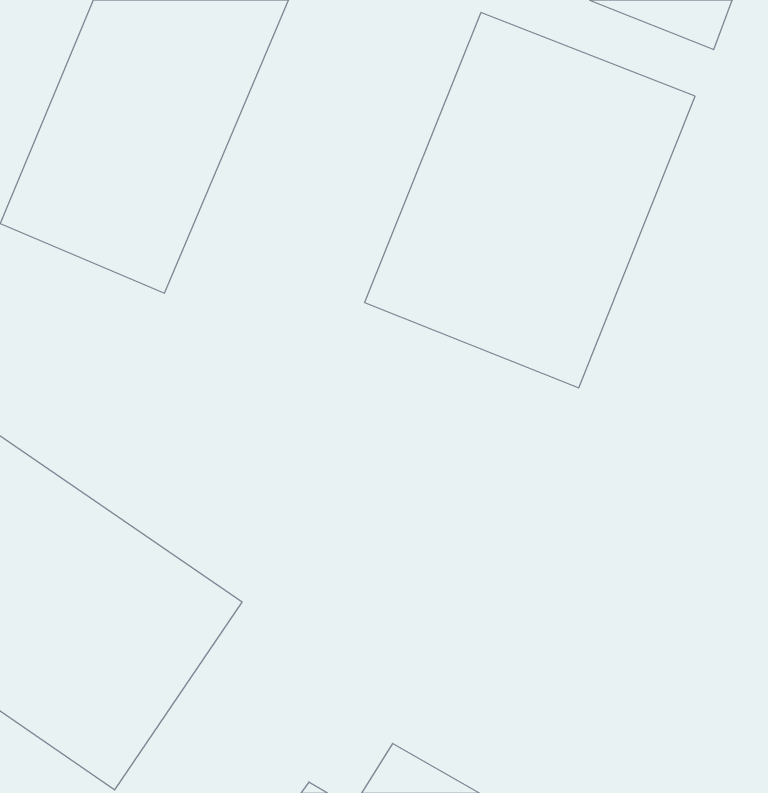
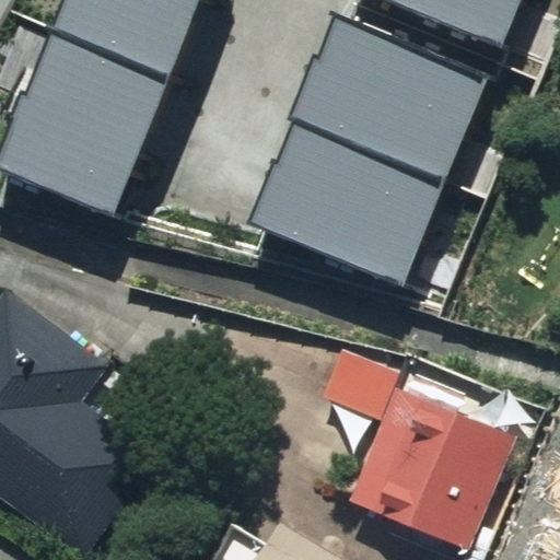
building: none -> [339,392,509,553]

